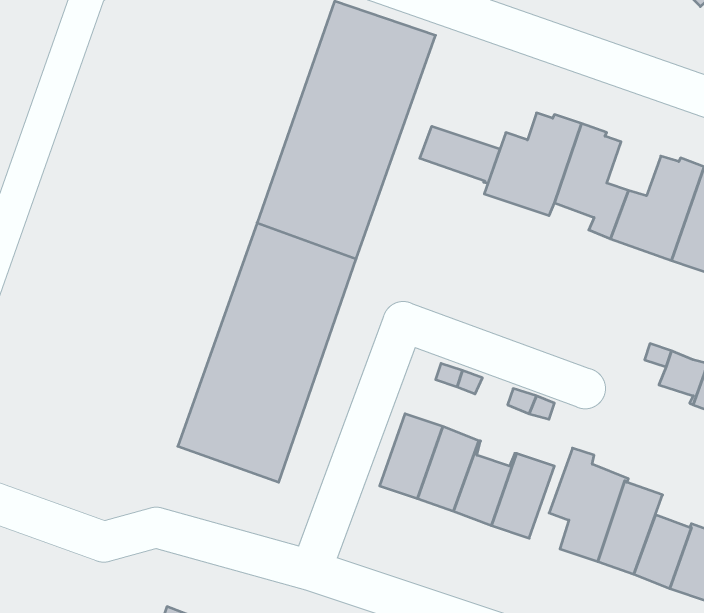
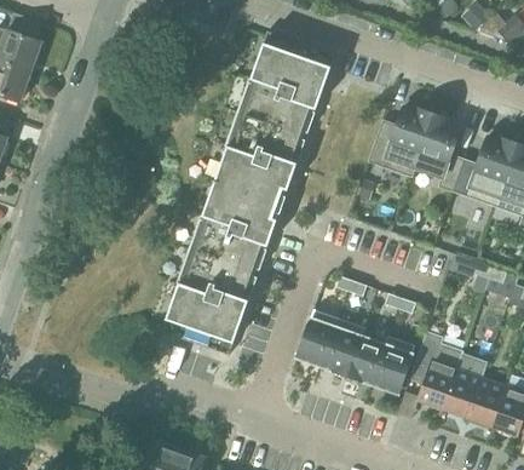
building: [420,126,500,183] -> none

